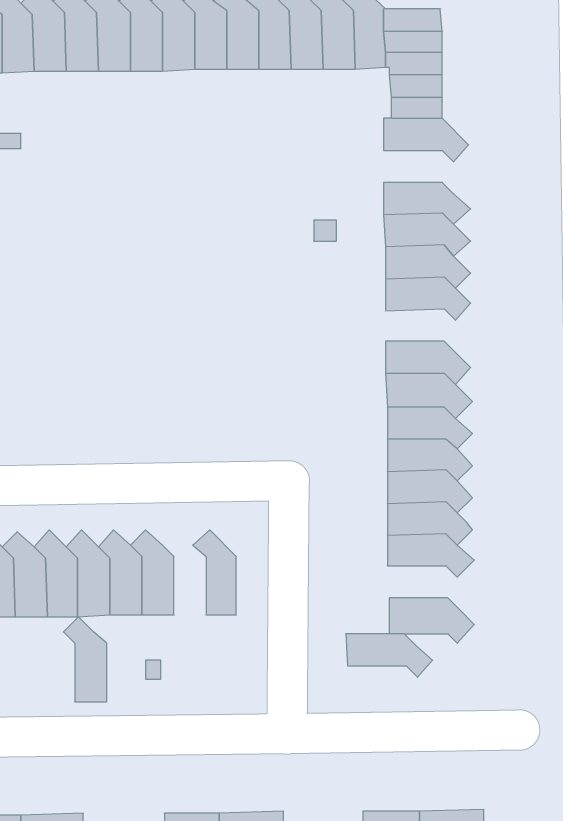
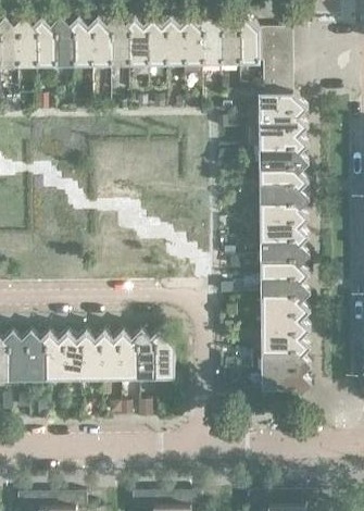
building: none -> [258,112,306,137]
building: none -> [259,203,307,228]
building: [63,617,107,702] -> [130,331,155,379]
building: [346,634,433,677] -> [260,351,310,376]

